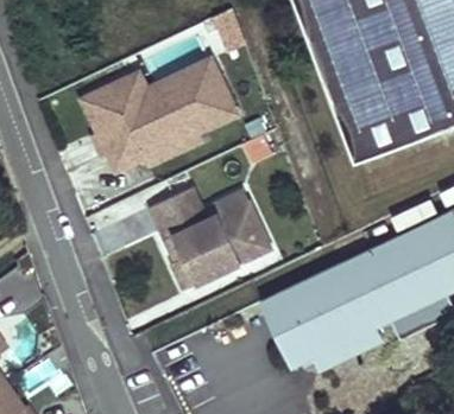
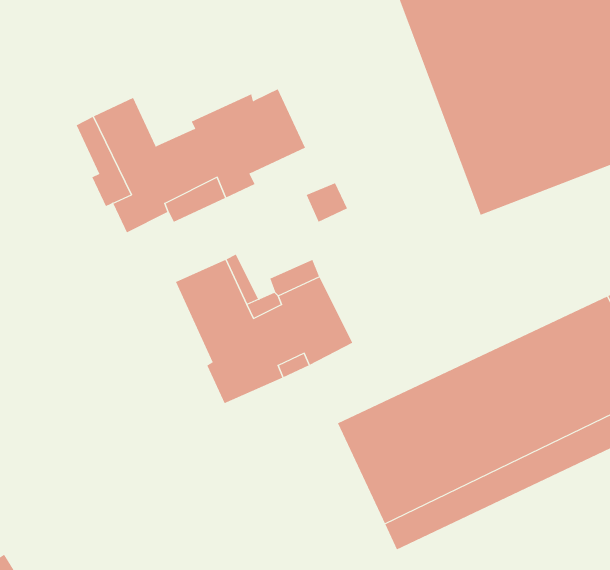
building: [125,53,223,109] -> none

